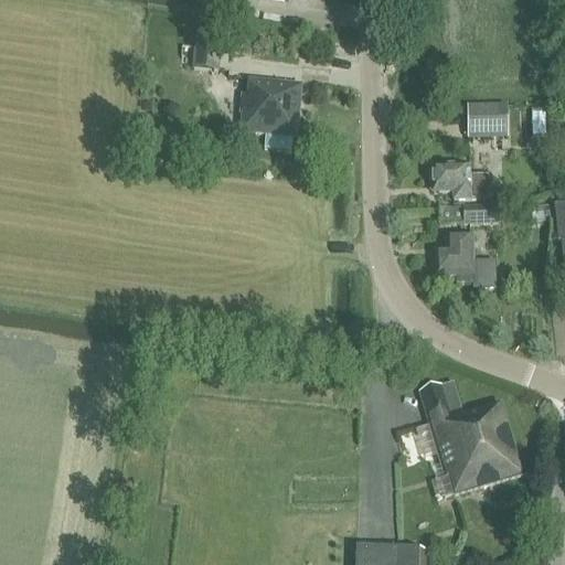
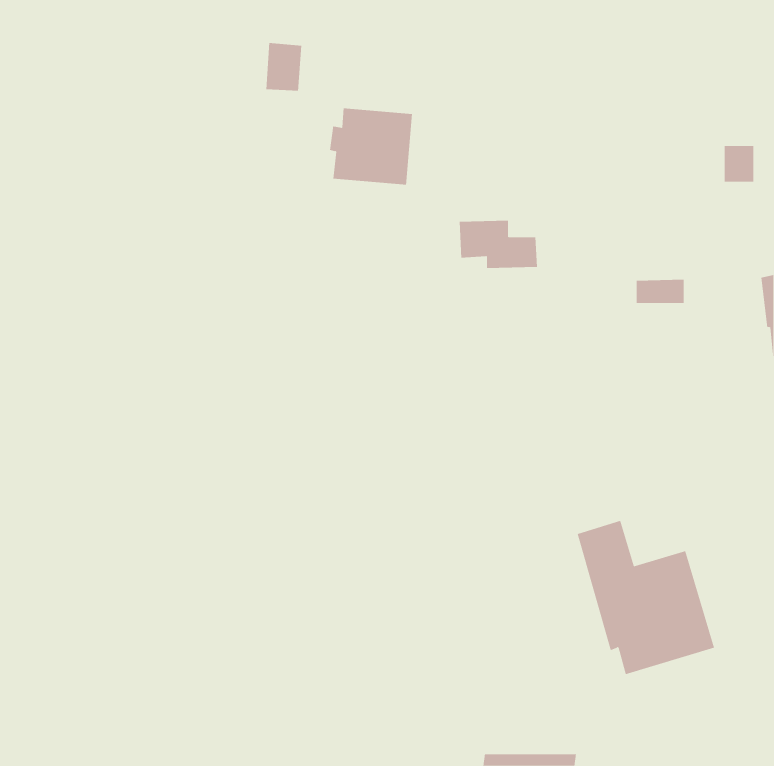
building: [467,100,509,136] -> none
building: [431,161,489,196] -> [459,220,538,269]
building: [437,233,497,289] -> none

